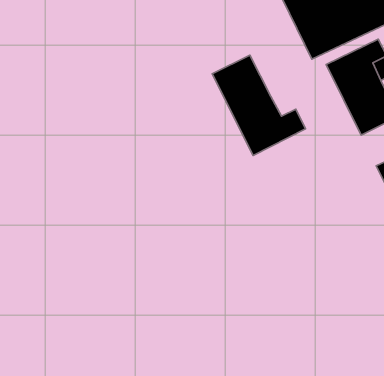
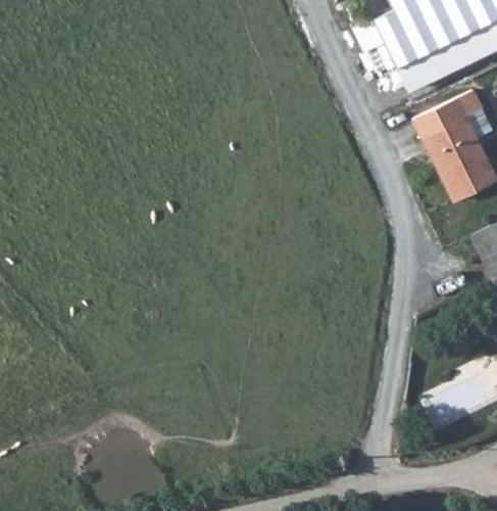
building: [212,55,305,155] -> none

